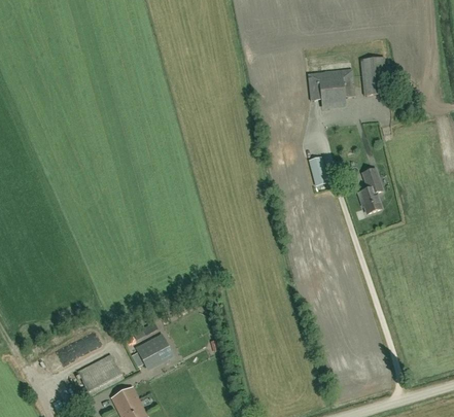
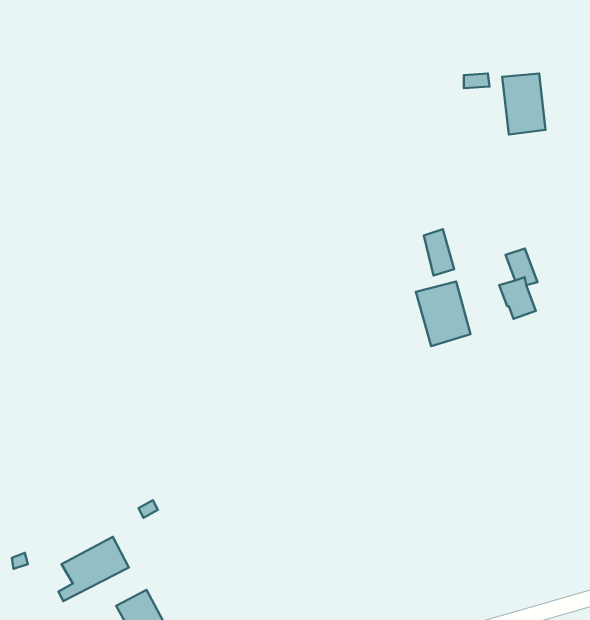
building: [308,69,355,102] -> none
building: none -> [416,281,471,346]
building: [136,335,171,366] -> none

